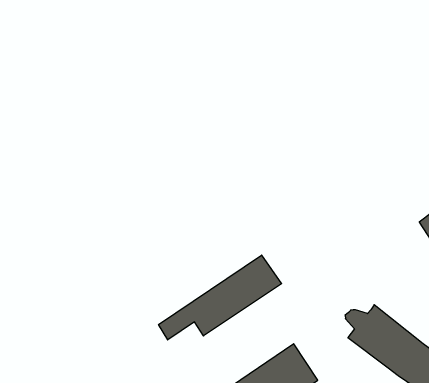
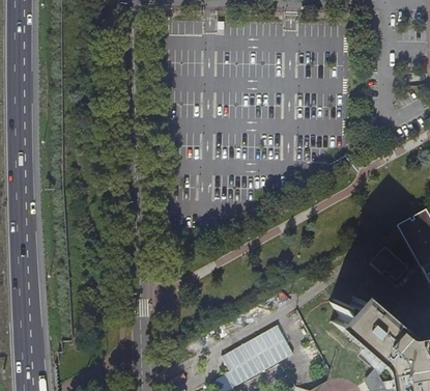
building: [159,255,282,340] -> none

